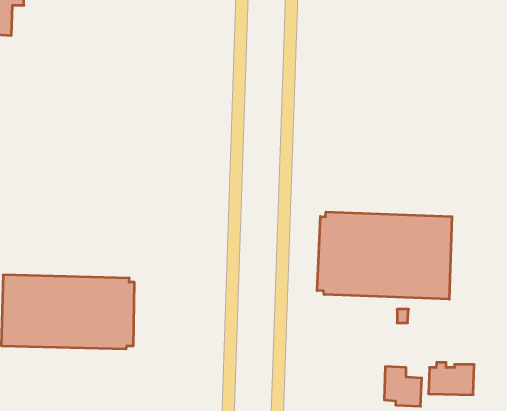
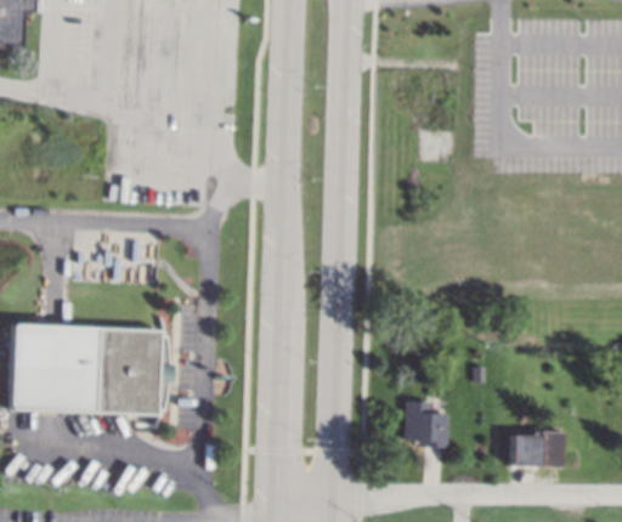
building: [317,212,452,299] -> none
building: [384,367,422,406] -> [402,399,446,446]

